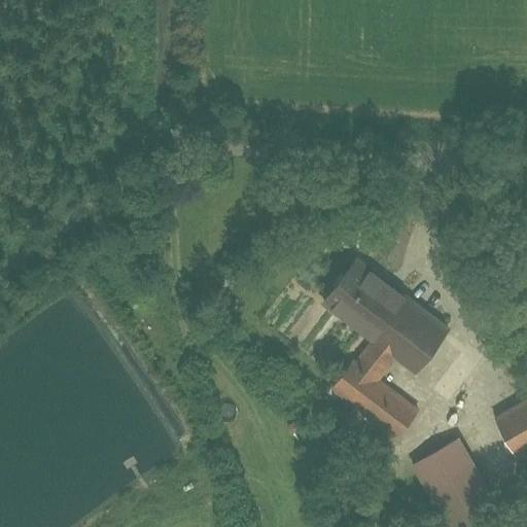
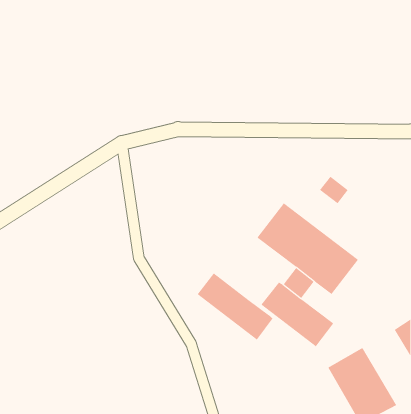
building: none -> [319,176,349,204]
building: none -> [197,272,273,341]

